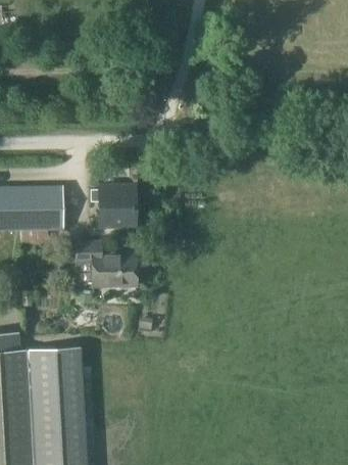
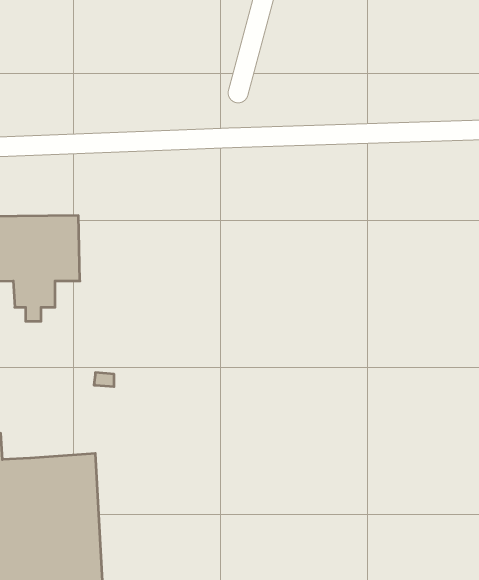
building: [91,183,136,225] -> none
building: [80,244,140,287] -> none

